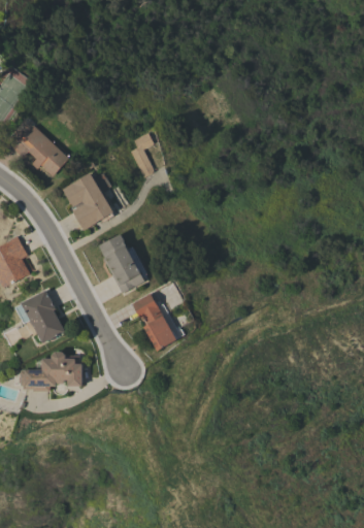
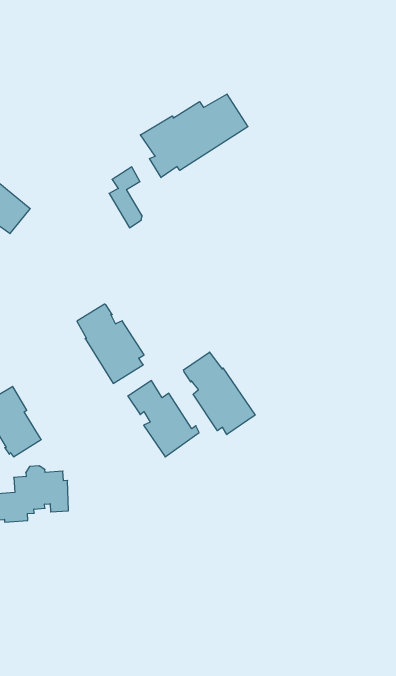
building: none -> [140,94,248,178]
building: [62,172,113,230] -> none
building: none -> [184,352,255,435]

